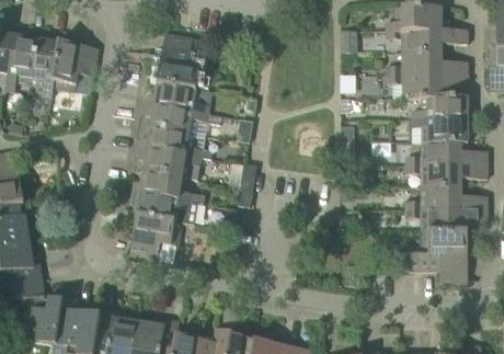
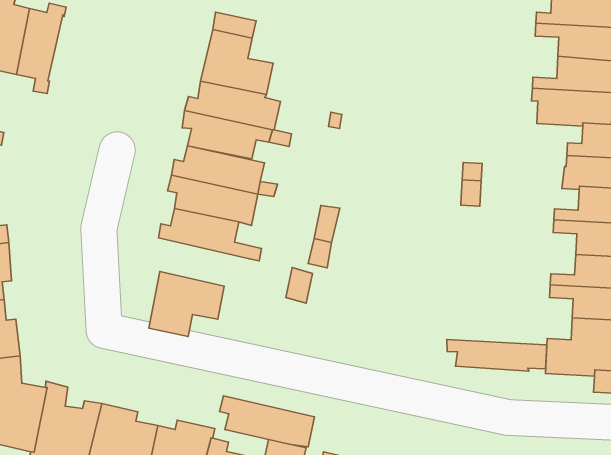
building: [51,41,98,90] -> none
building: [131,191,197,222] -> [219,396,314,447]
building: none -> [447,340,547,371]

